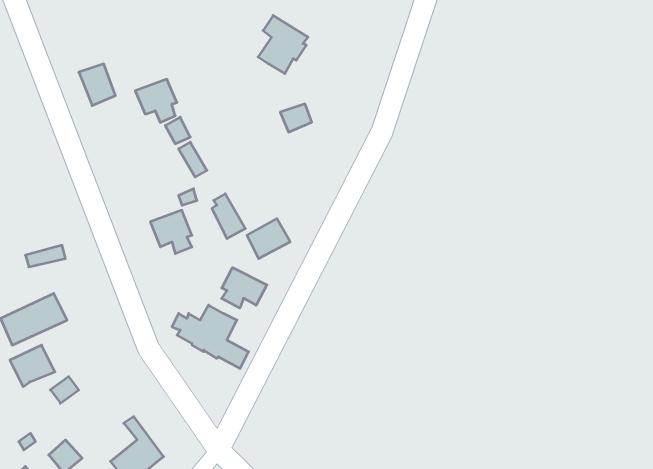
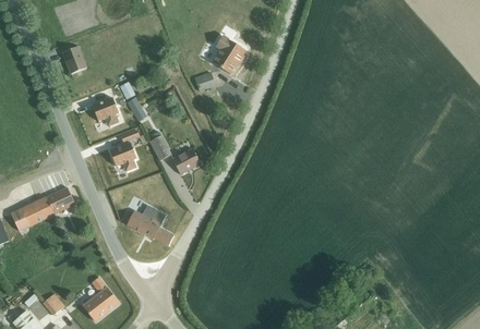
building: [258,15,308,74] -> [212,35,244,73]
building: [135,79,177,122] -> [91,97,118,125]
building: [222,268,267,308] -> none
building: [10,345,55,387] -> [45,186,74,214]

